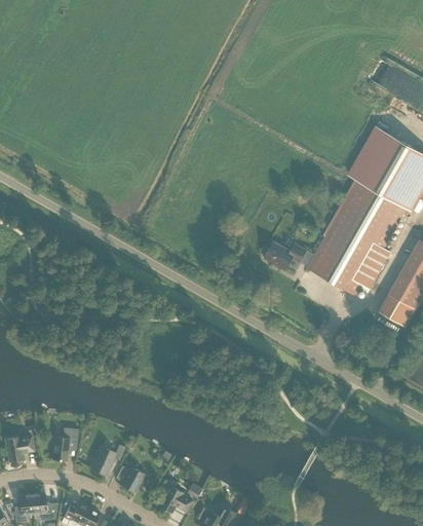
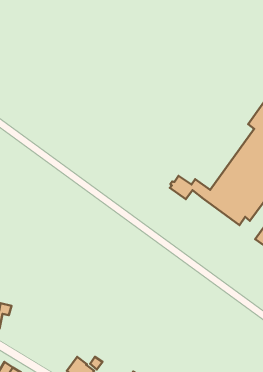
building: [89,444,123,475] -> none
building: [114,466,143,491] -> none

